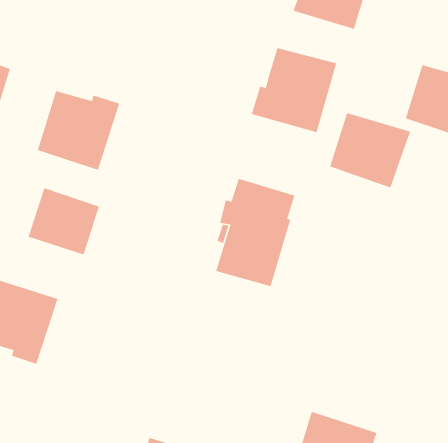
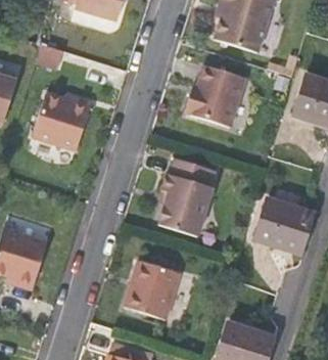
building: [329,112,411,189] -> [254,201,313,256]
building: [28,187,100,255] -> none
building: none -> [123,260,180,319]

